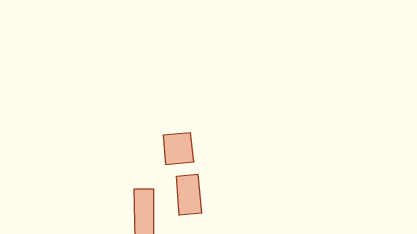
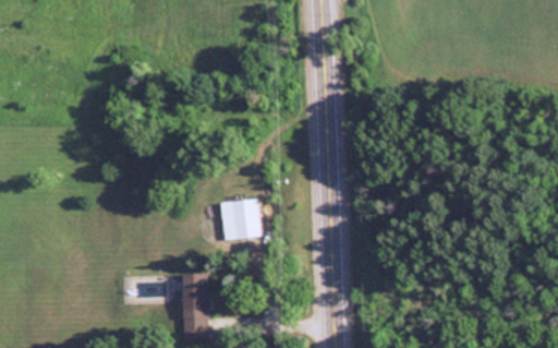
building: [177,174,201,215] -> none

